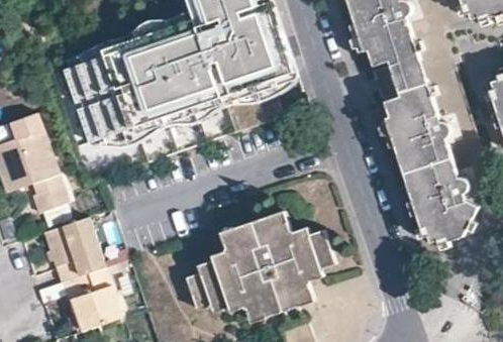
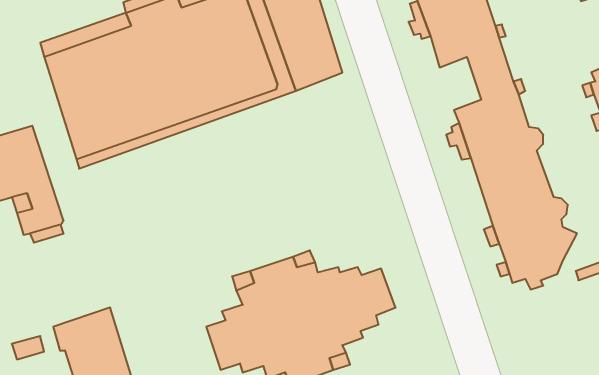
building: [51,211,111,277] -> none

